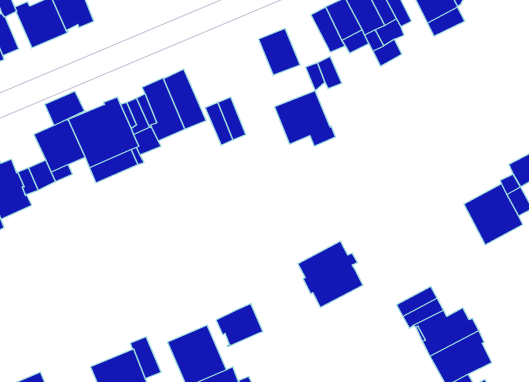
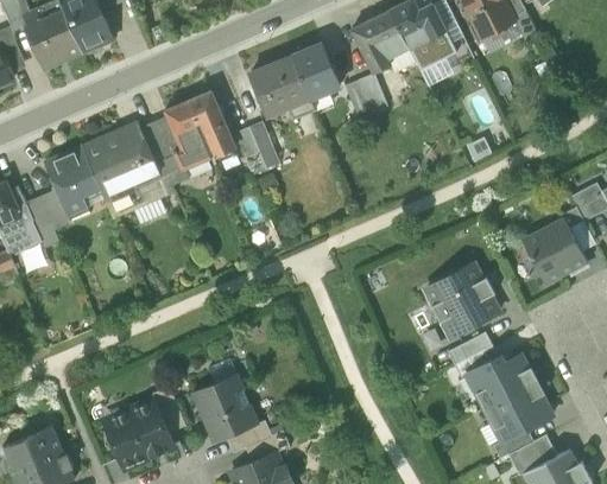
building: [275,91,336,146] -> [248,57,316,119]
building: [45,91,85,125] -> none
building: [298,241,363,308] -> [425,263,498,337]
building: [216,303,263,347] -> none

